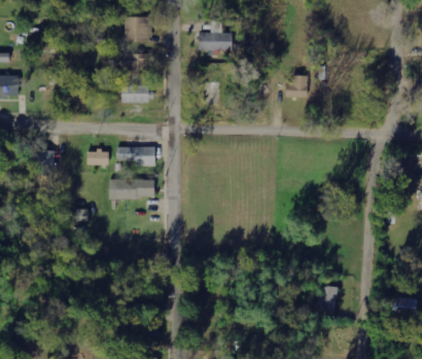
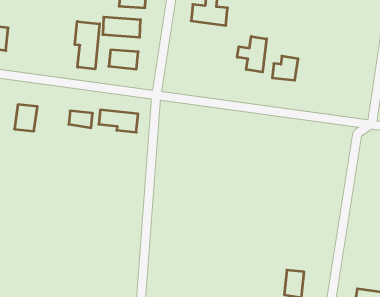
building: none -> [237,36,267,72]
building: none -> [75,21,100,69]
building: [108,178,154,199] -> none

